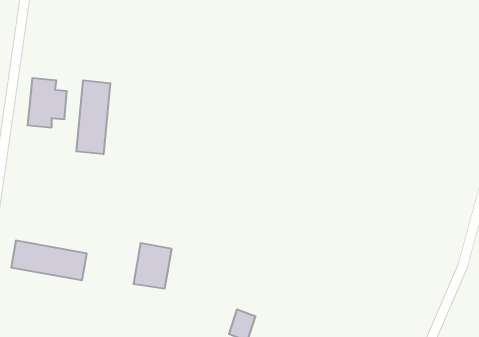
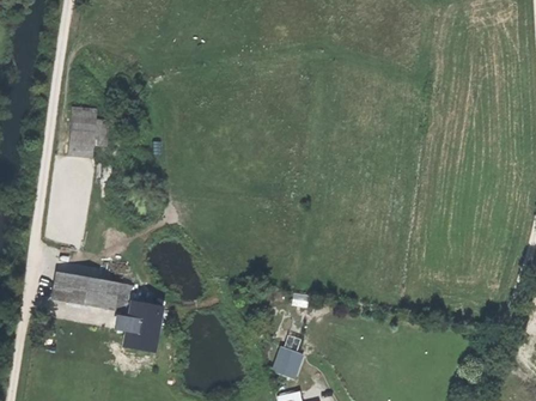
building: [76,80,110,154] -> none
building: [133,243,172,289] -> [122,302,162,348]

